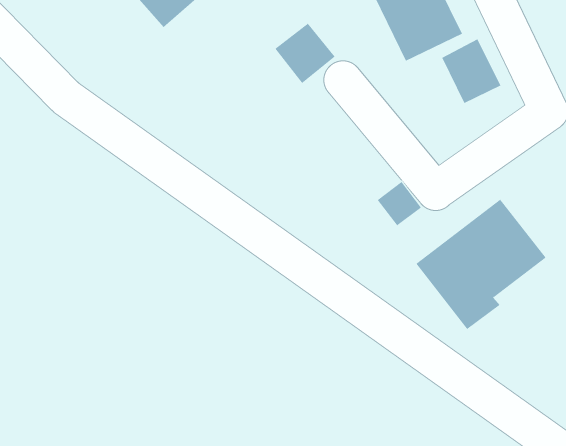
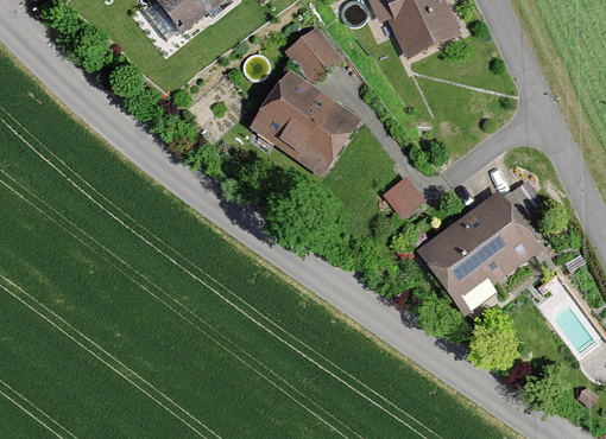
building: [442,39,501,104] -> none
building: none -> [250,70,360,174]

